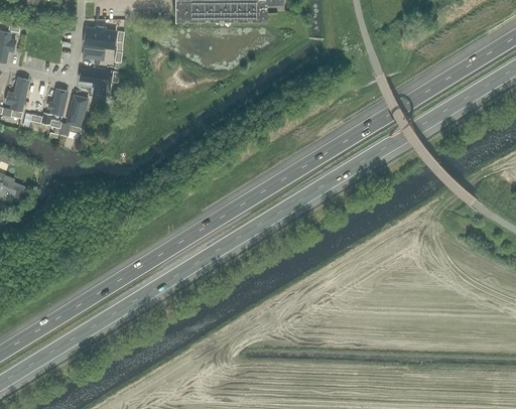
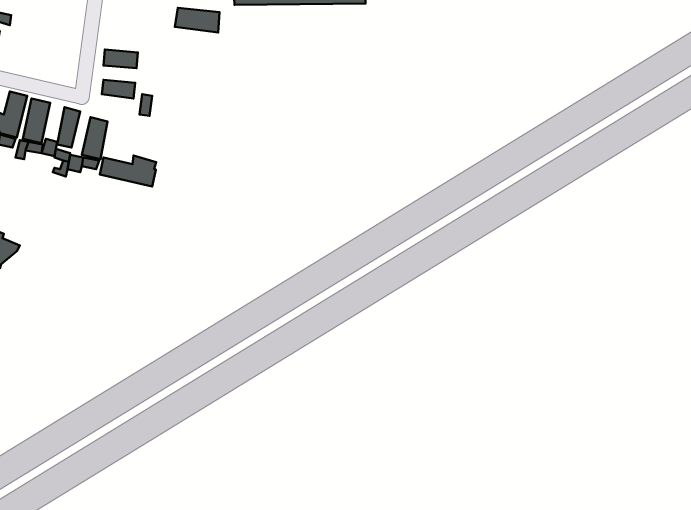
building: [84,30,115,47] -> [175,8,220,32]
building: none -> [100,155,156,186]

